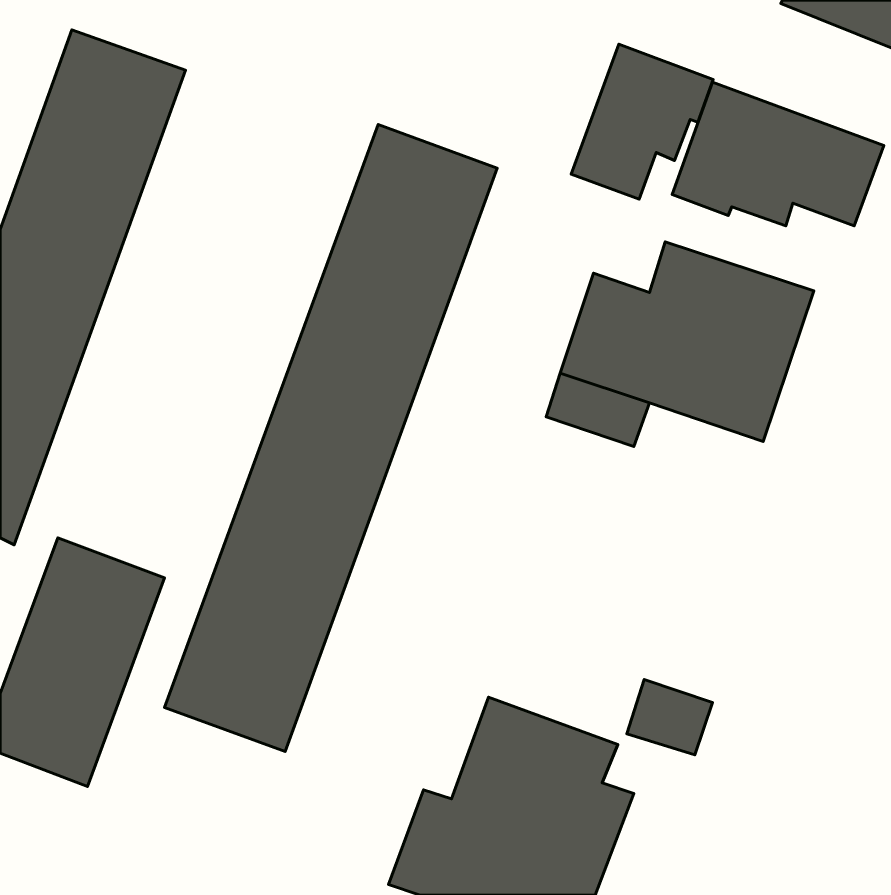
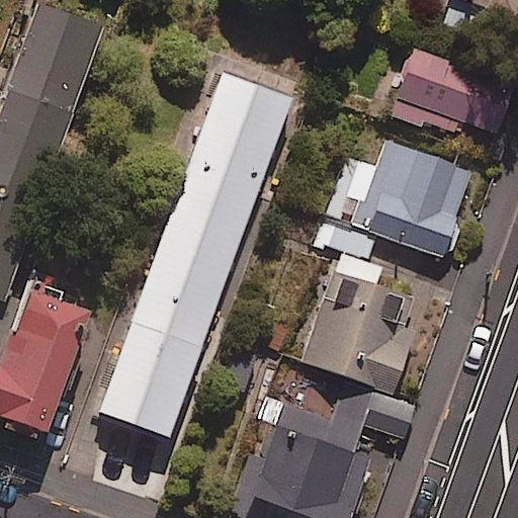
building: [571,44,713,199] -> none
building: none -> [300,269,413,391]

